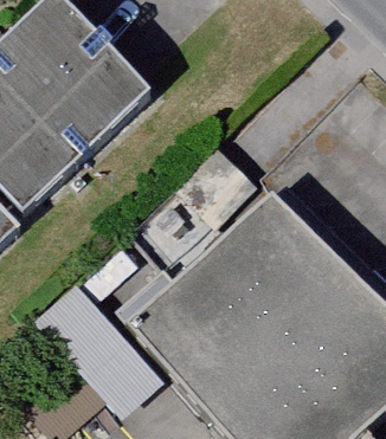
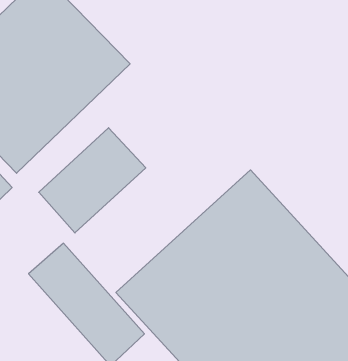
building: none -> [39,128,146,233]

